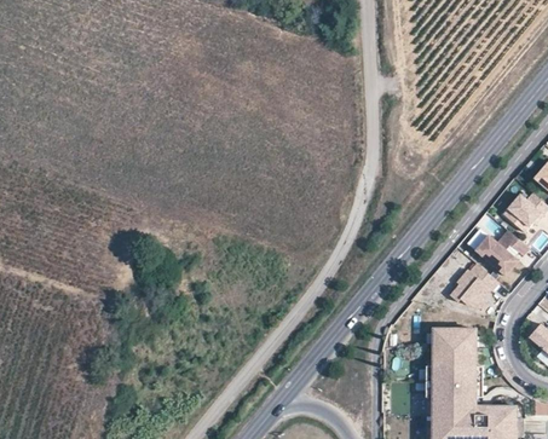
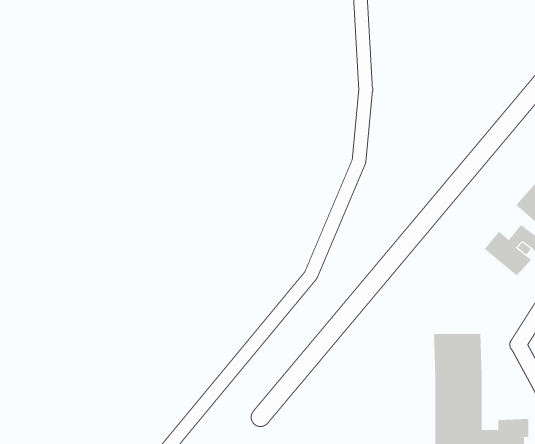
building: [451,264,501,308] -> none

